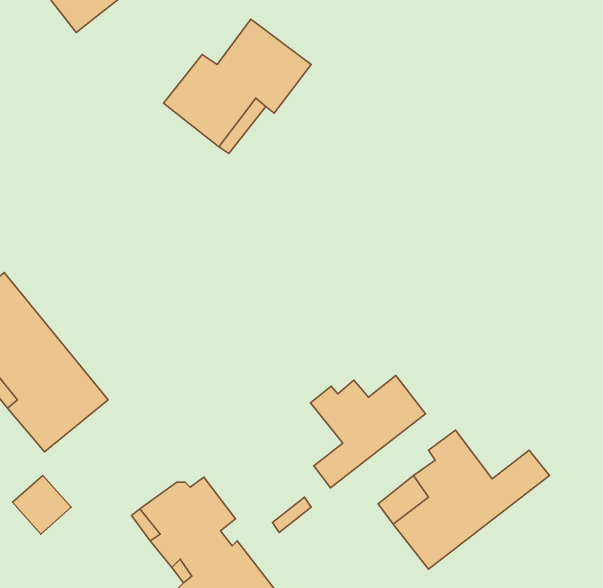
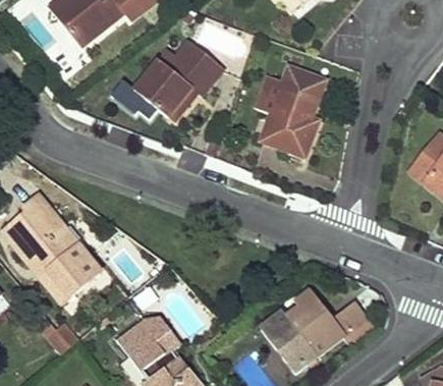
building: none -> [259,69,323,160]
building: [311,375,426,488] -> none

